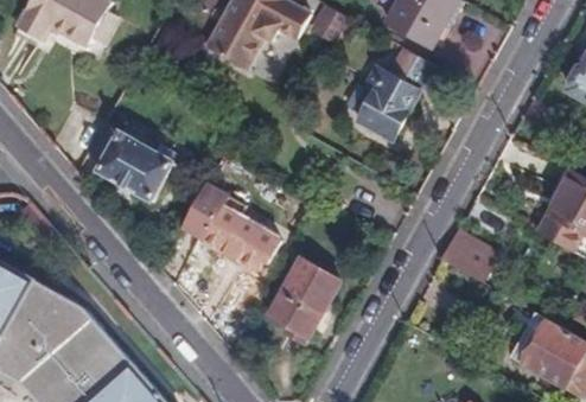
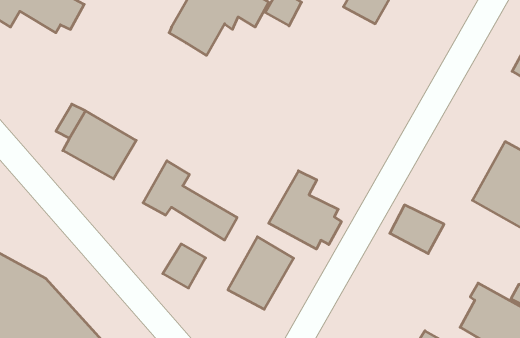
building: [357,49,429,141] -> none
building: none -> [269,171,341,249]
building: none -> [163,244,206,288]

